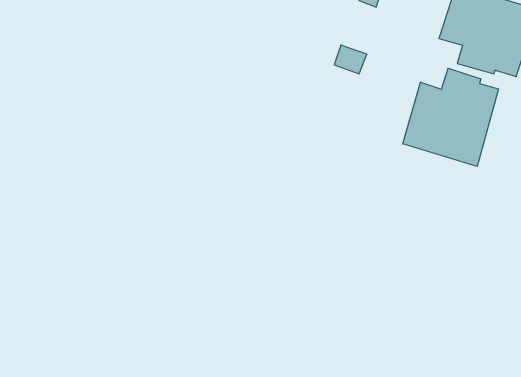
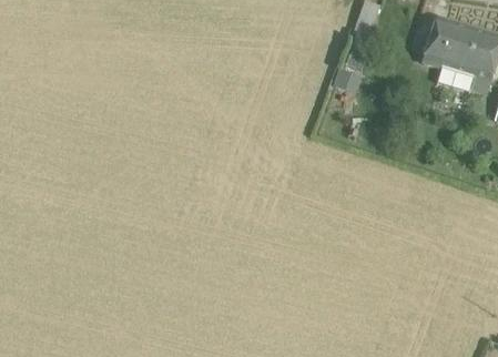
building: [403,68,499,166] -> none

